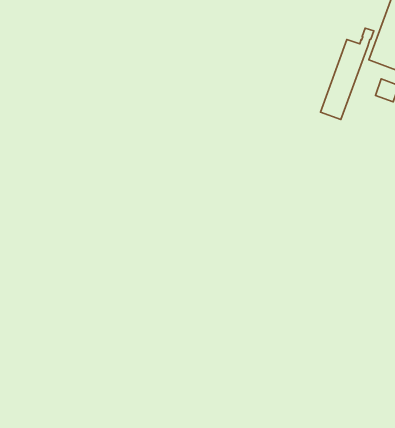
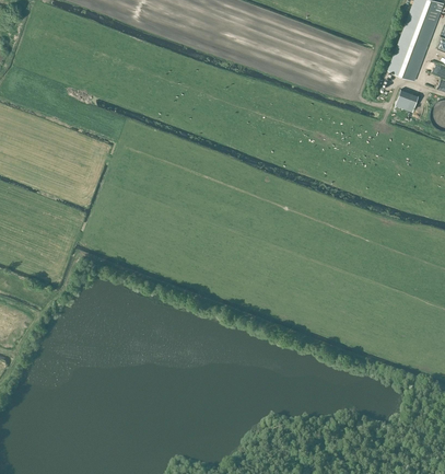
building: [320,28,374,120] -> none

